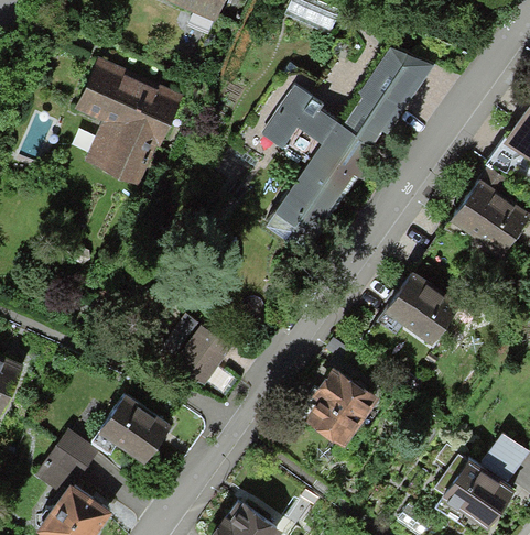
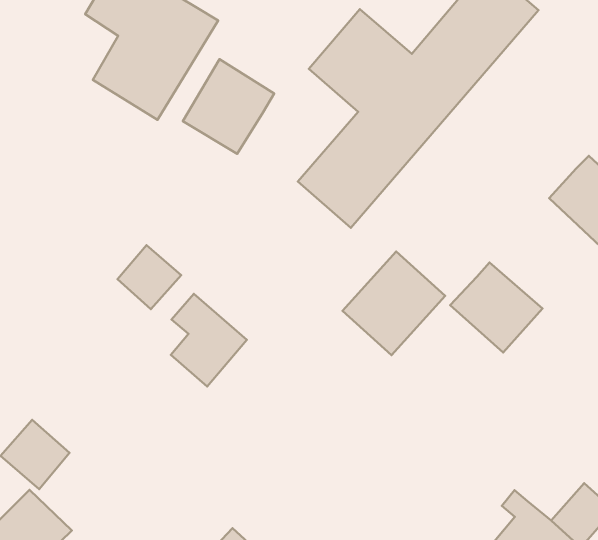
building: none -> [183,59,274,154]
building: none -> [117,245,181,309]
building: [300,360,379,441] -> [342,252,445,355]
building: [97,396,166,461] -> none

